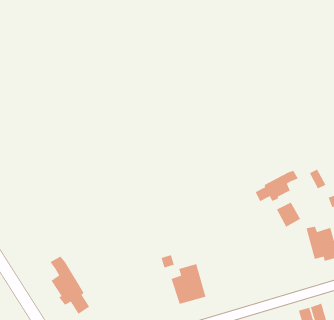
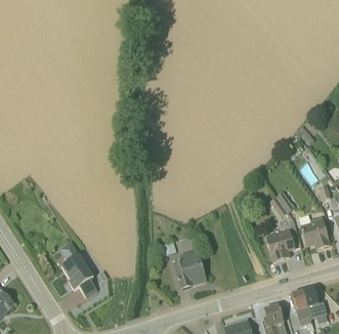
building: [255,170,299,202] -> none
building: none -> [265,228,294,260]

